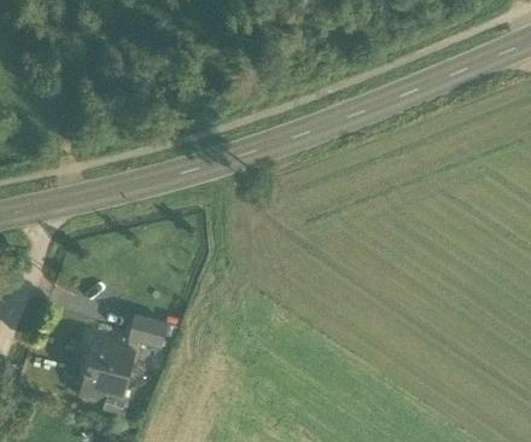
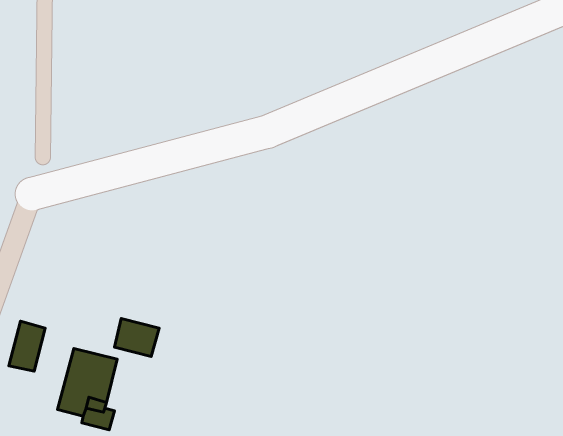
building: none -> [9,321,45,371]

